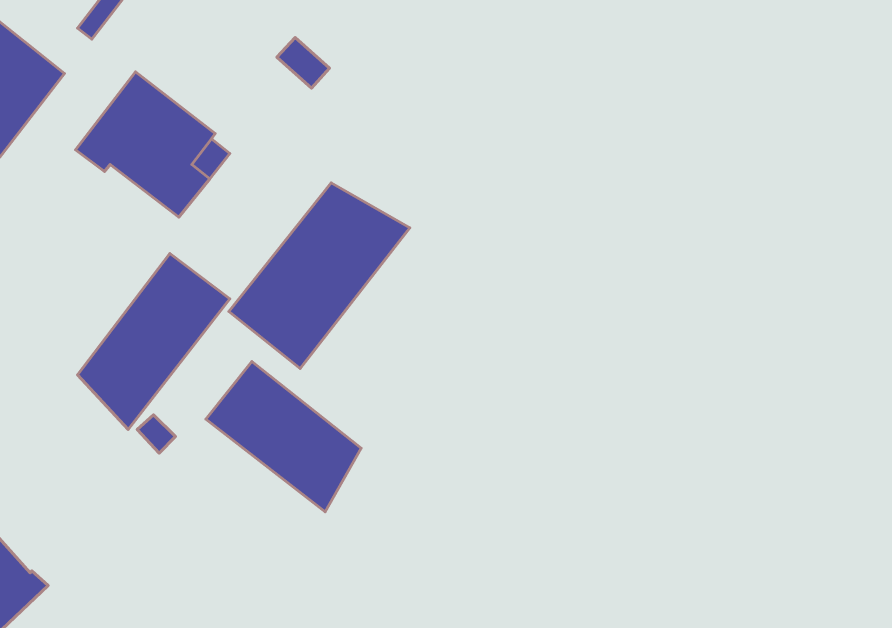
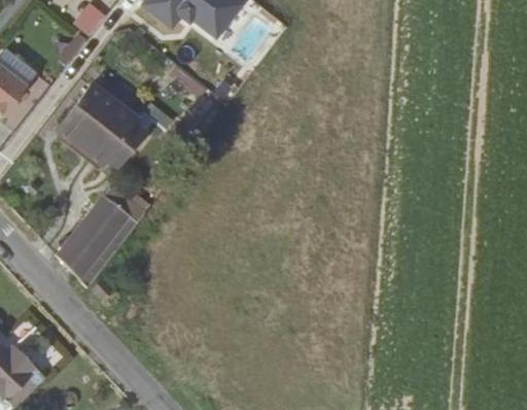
building: [229,183,410,369] -> none
building: [206,361,361,512] -> none

